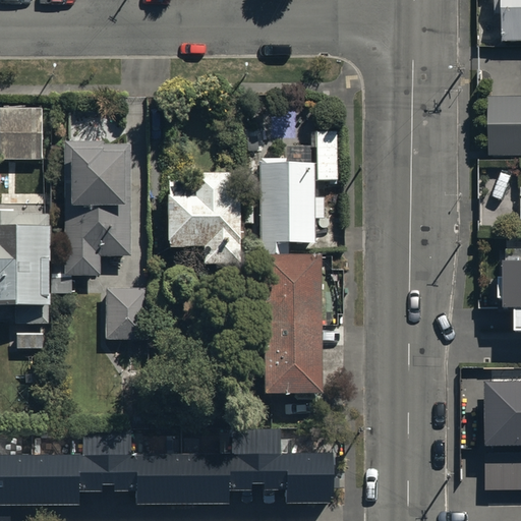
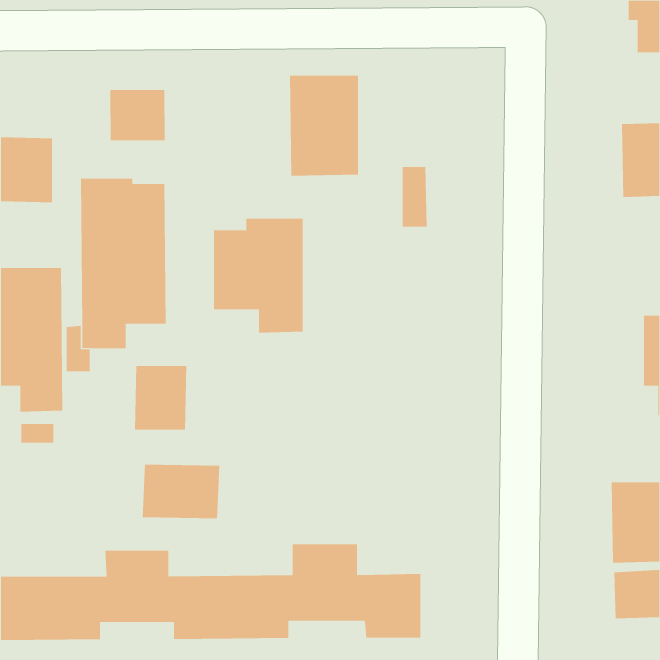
building: none -> [110,89,165,141]
building: [259,164,314,243] -> [289,75,359,176]
building: [264,255,320,393] -> none
building: none -> [142,464,220,519]

